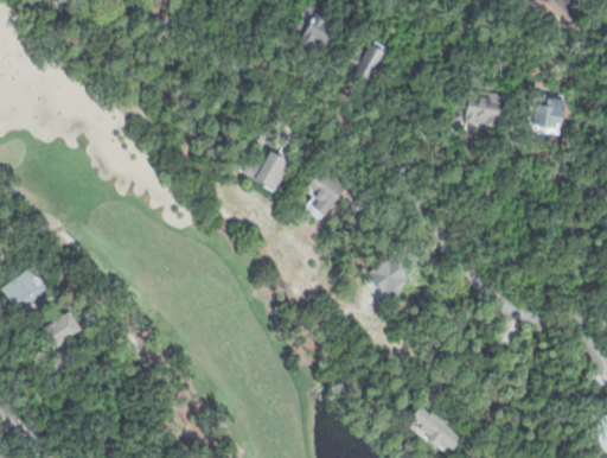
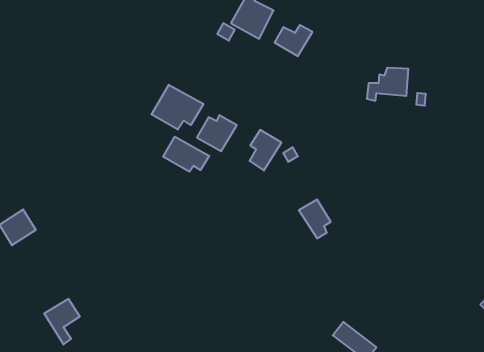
building: [533,97,566,132] -> none
building: none -> [151,85,203,130]
building: none -> [163,137,209,172]
building: [37,312,81,368] -> [44,299,80,345]

